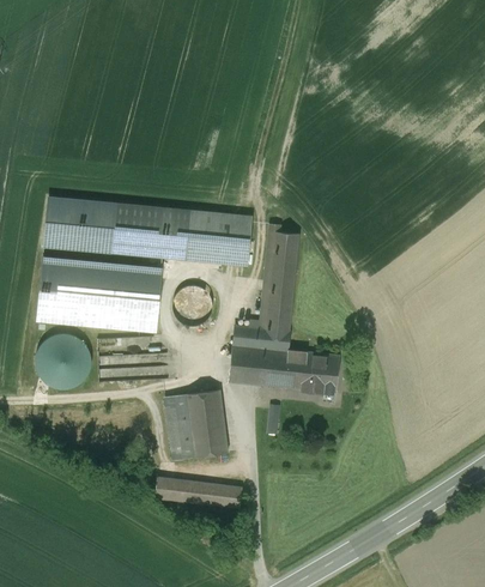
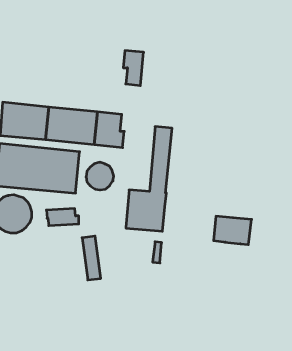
building: [222,214,251,266] -> [123,51,144,86]
building: [284,351,340,393] -> [214,216,252,245]
building: [184,389,228,456] -> none
building: [154,477,241,508] -> none

